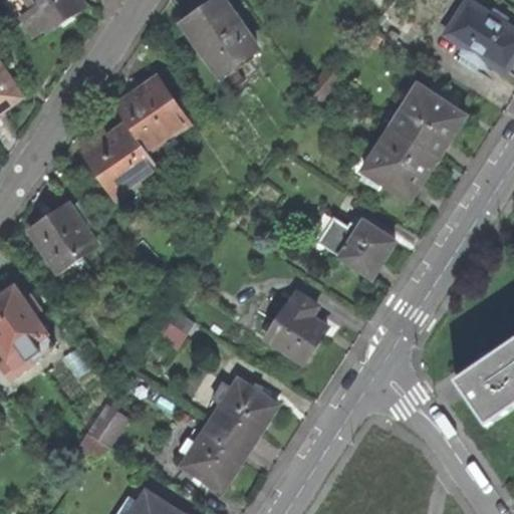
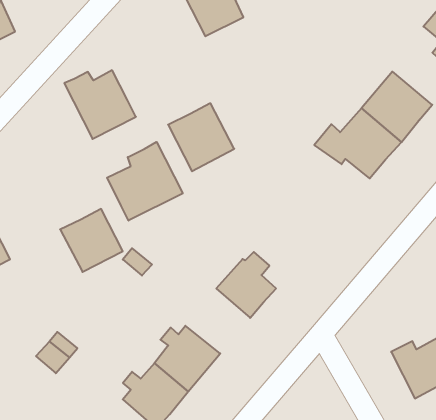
building: [115,78,188,152] -> [168,103,234,171]
building: none -> [107,142,183,221]
building: [28,203,96,271] -> [60,209,123,272]
building: [317,217,396,277] -> none

